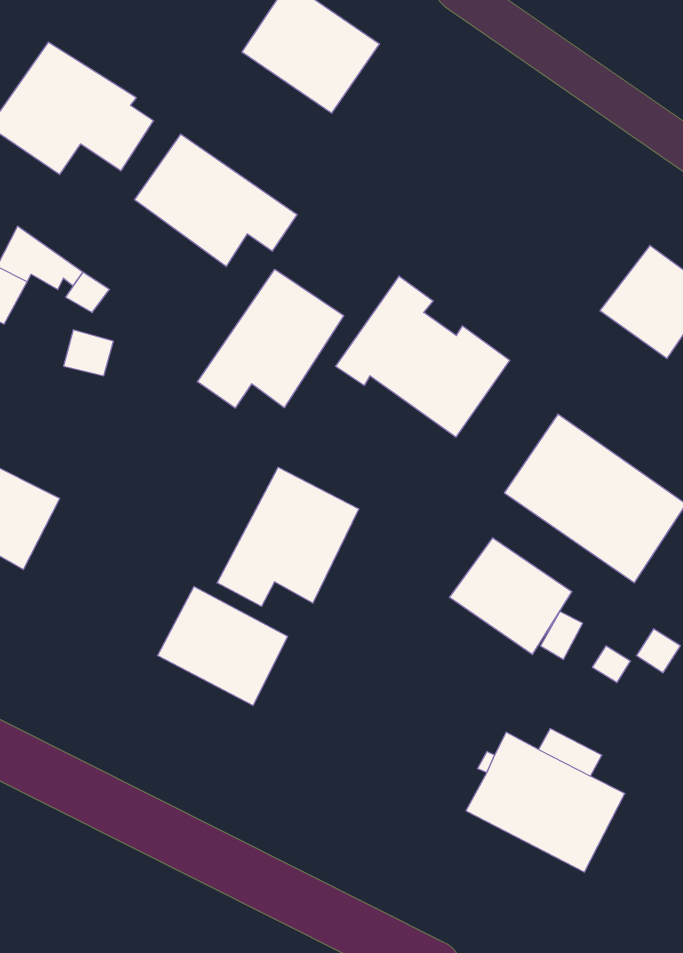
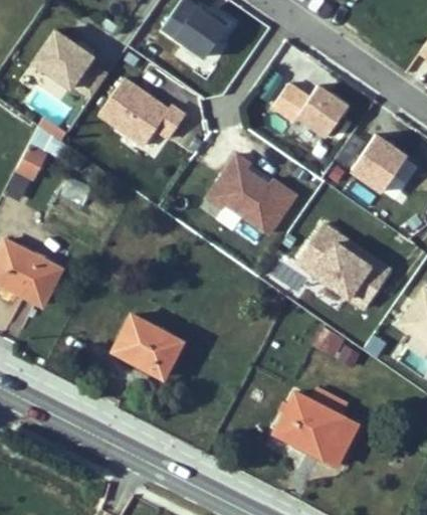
building: none -> [275,82,342,139]
building: [197,269,344,408] -> none
building: [217,467,359,606] -> none
building: [449,538,572,655] -> none

